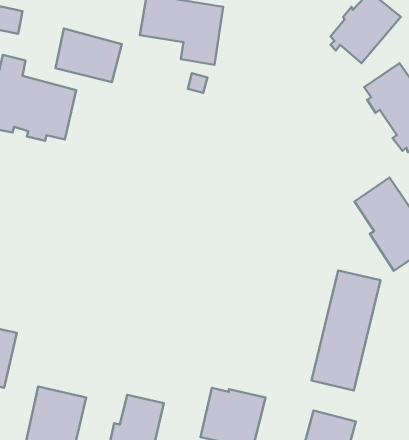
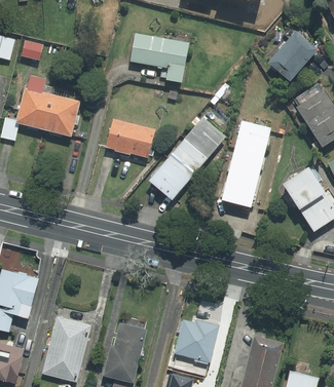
building: [55,29,122,82] -> [106,118,154,157]
building: none -> [149,117,225,199]
building: [311,270,381,390] -> [221,120,271,207]

